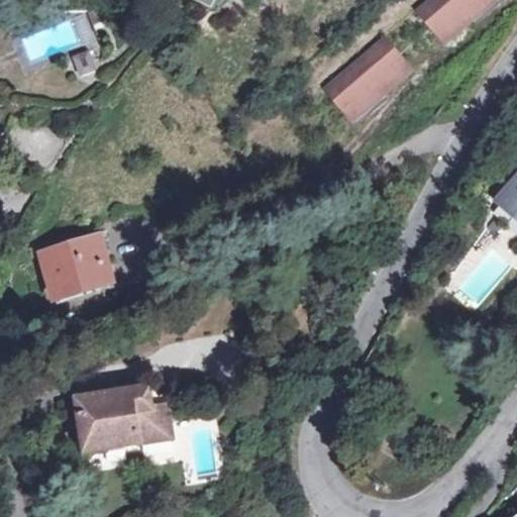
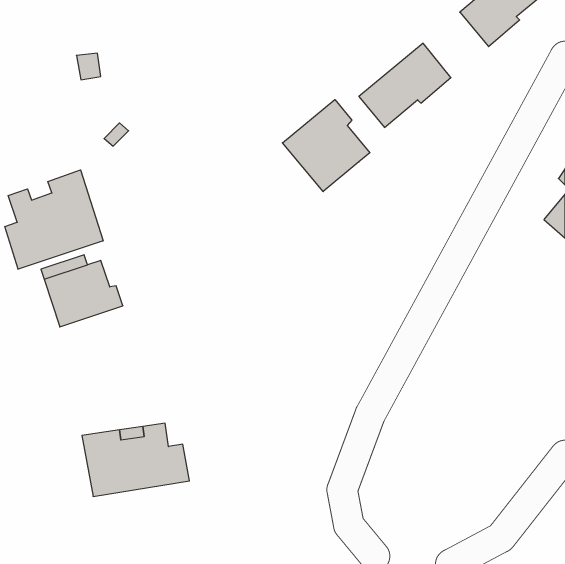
building: none -> [282,100,370,192]
building: none -> [5,170,103,269]

